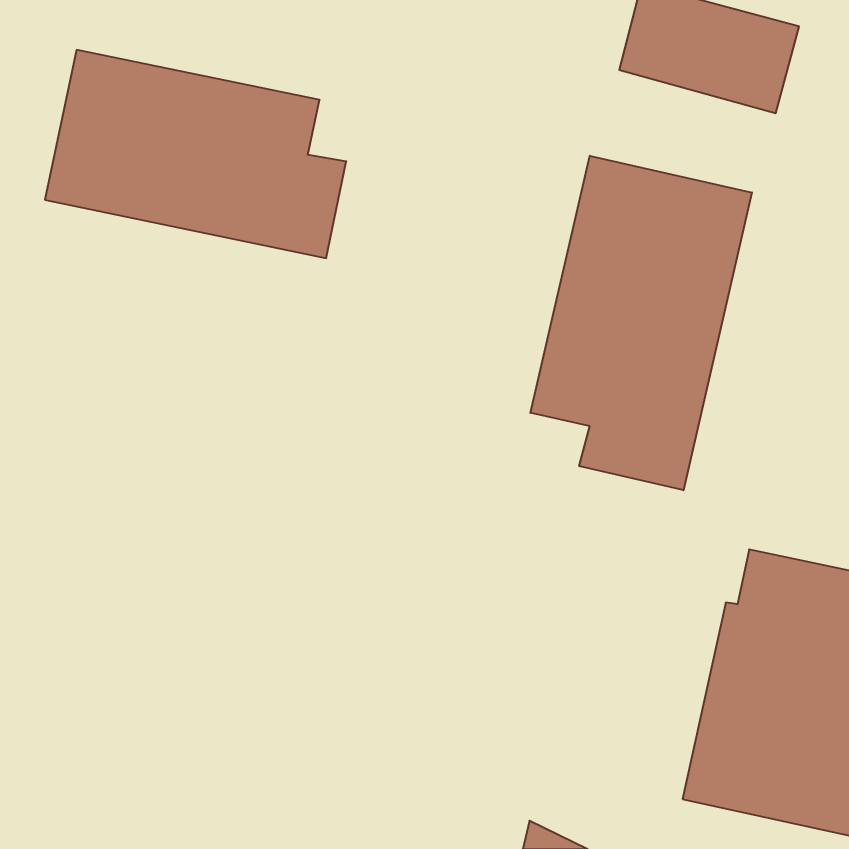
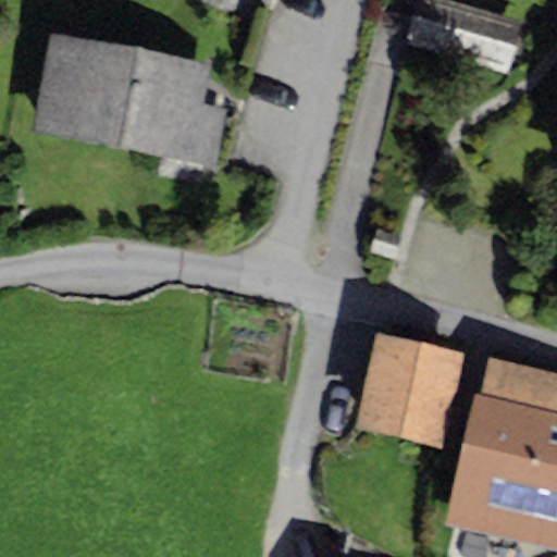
building: [530,156,752,490] -> none
building: none -> [355,331,463,445]

